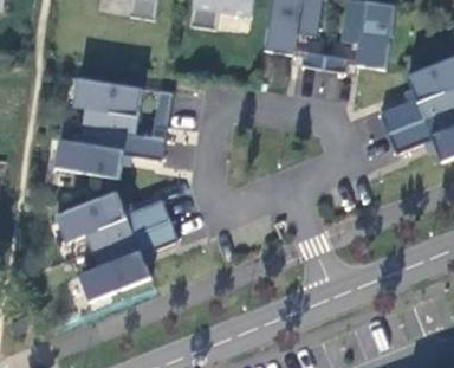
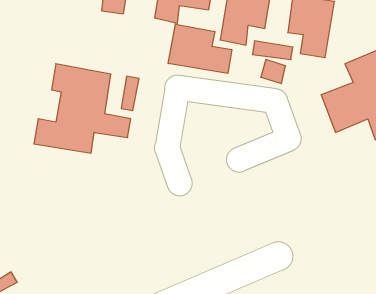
building: none -> [168,24,232,73]
building: [54,191,176,302] -> none

